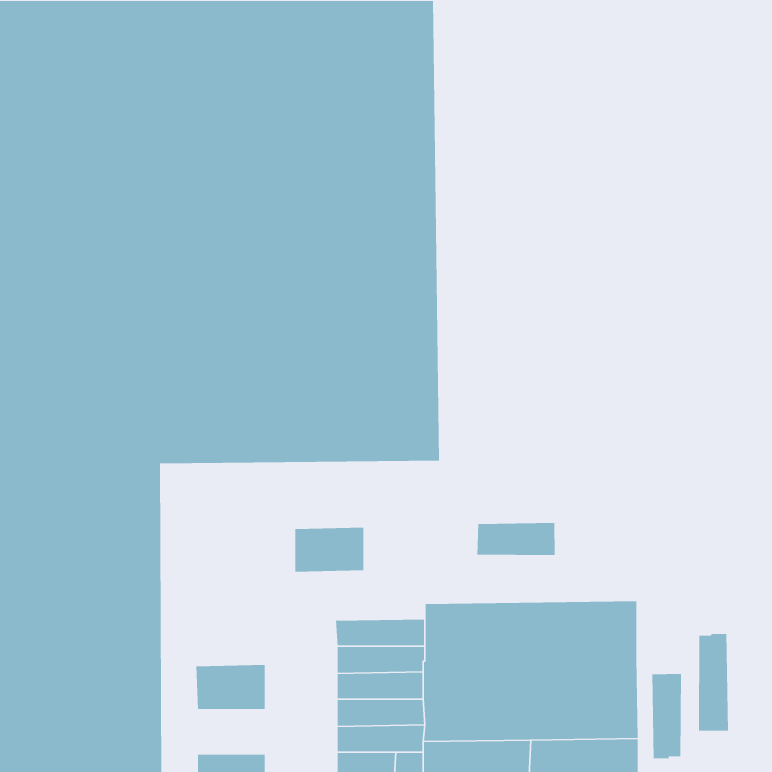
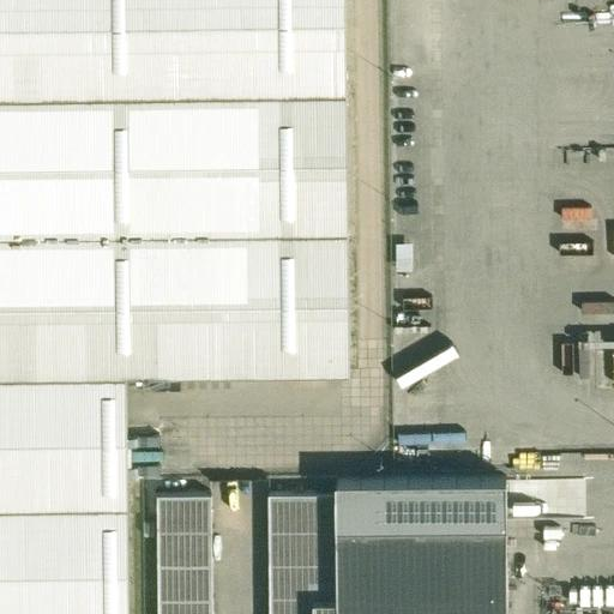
building: [476,522,555,556] -> none
building: [294,527,364,572] -> [155,493,210,529]
building: [698,633,729,732] -> none
building: [652,673,682,759] -> none
building: none -> [156,564,210,598]

